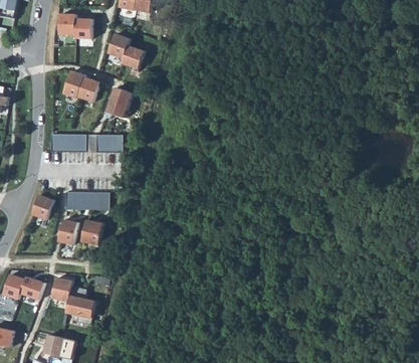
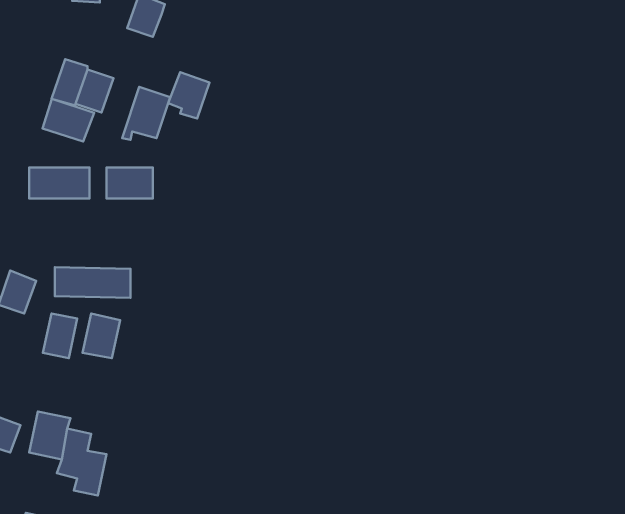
building: [120,44,144,71] -> [168,72,209,119]
building: none -> [43,99,94,142]

